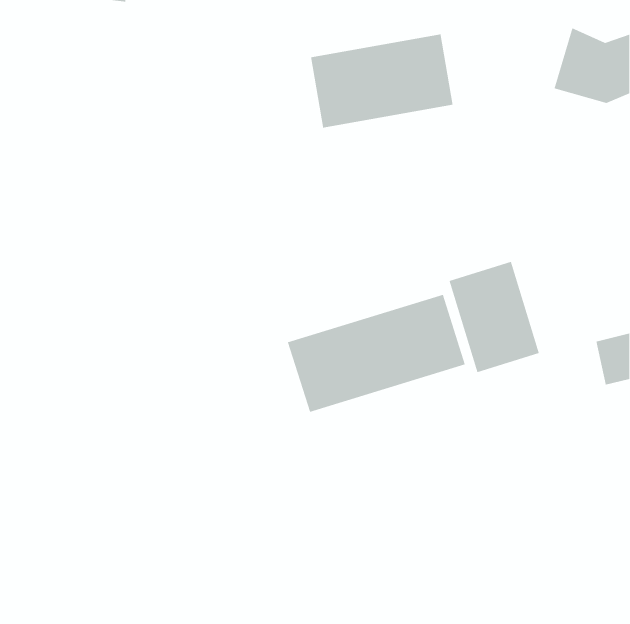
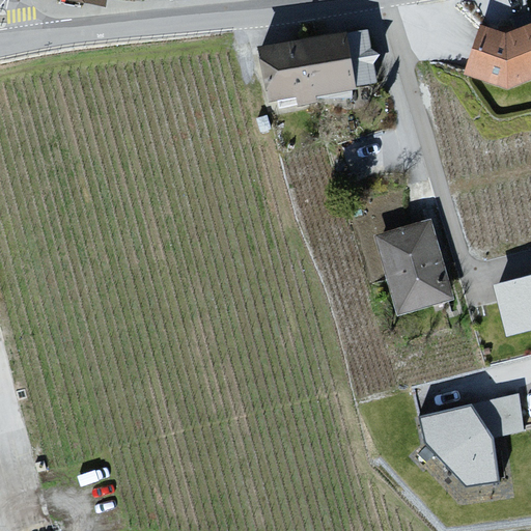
building: [287,294,466,413] -> none
building: none -> [419,392,523,484]

